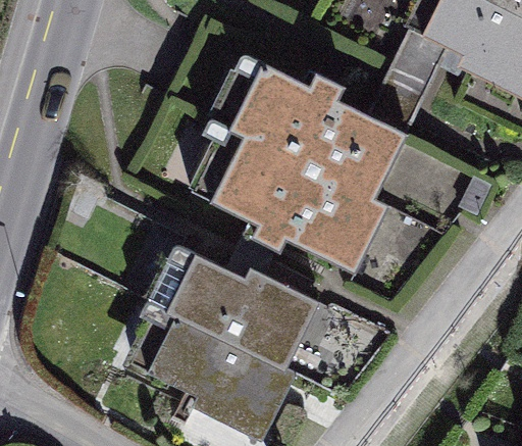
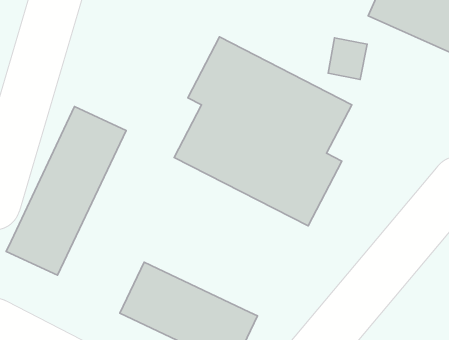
building: none -> [6,107,126,275]
building: [153,249,326,375] -> none

